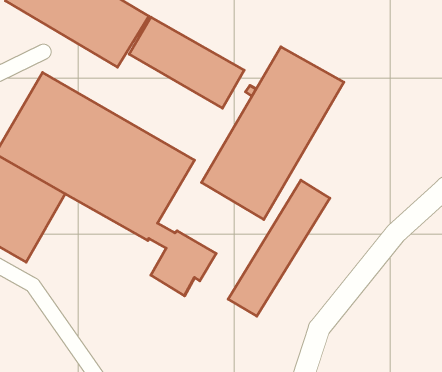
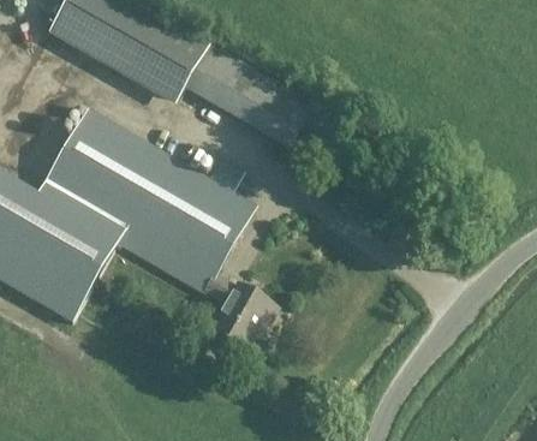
building: [201,47,344,219] -> none
building: [228,180,330,316] -> none

